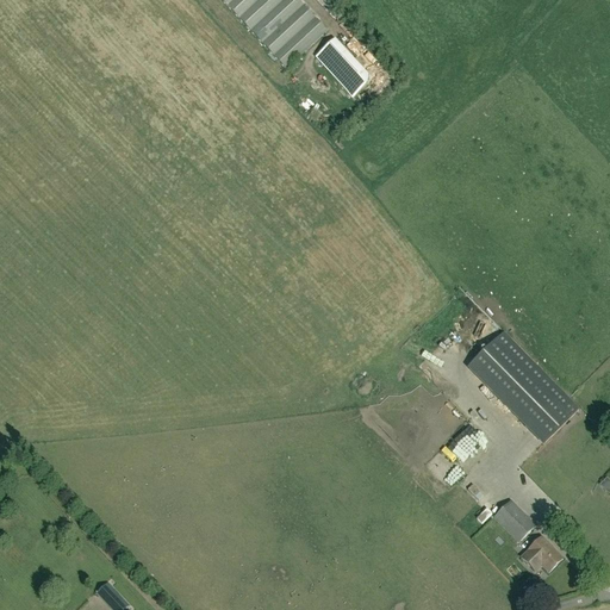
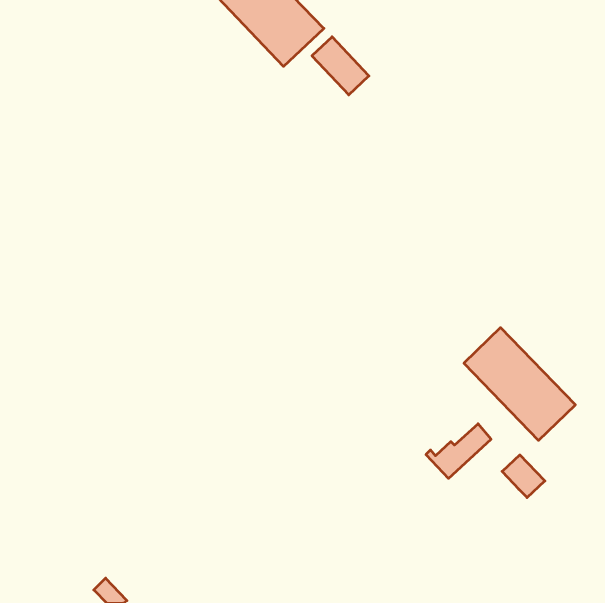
building: [492,498,535,541] -> [502,455,545,498]
building: [519,535,561,571] -> none

